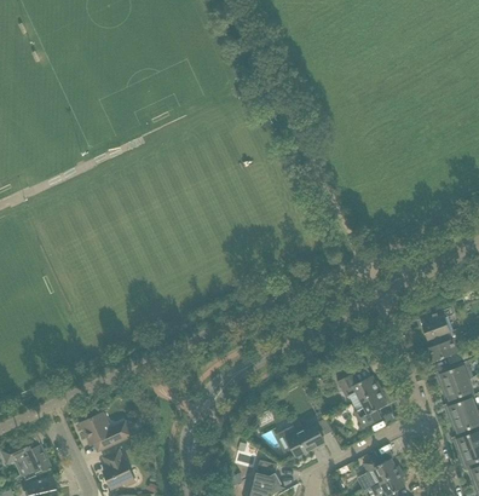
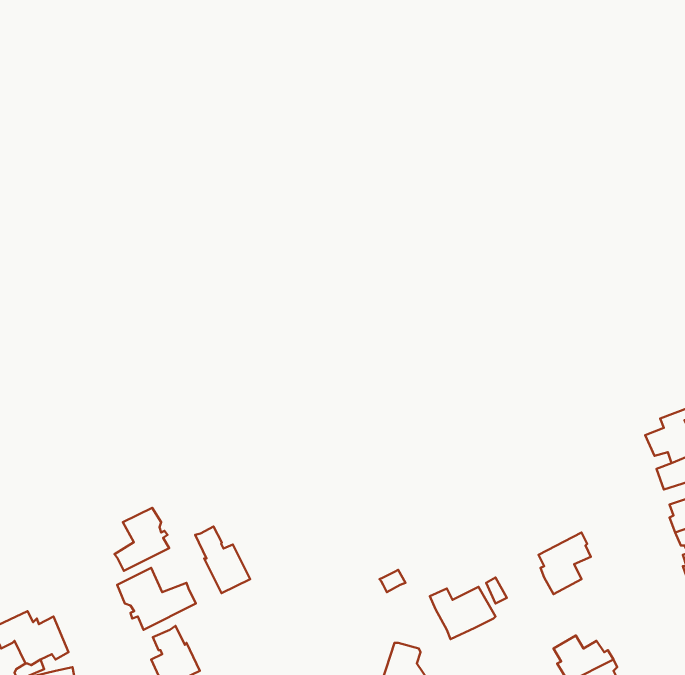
building: [337,373,381,404] -> none
building: none -> [115,508,169,571]
building: none -> [195,526,250,593]

